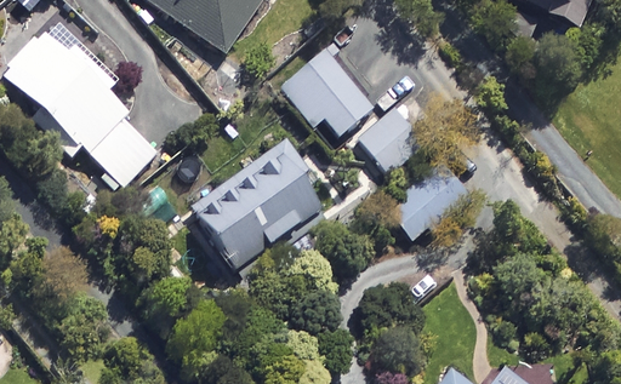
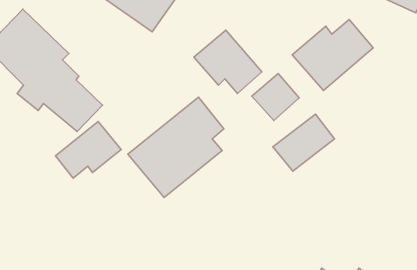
building: none -> [292,19,373,91]
building: none -> [56,121,121,178]

